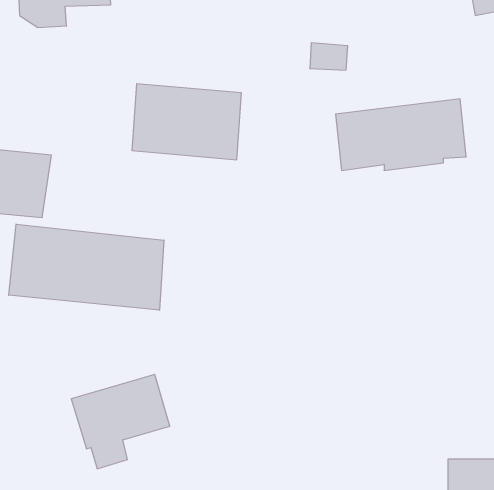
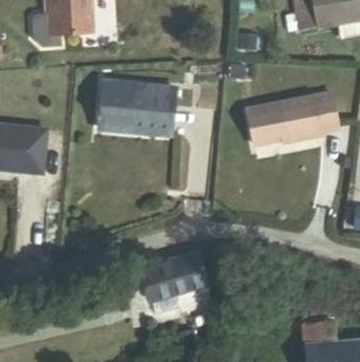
building: [9,224,164,310] -> none
building: [71,374,170,469] -> [140,250,207,314]

